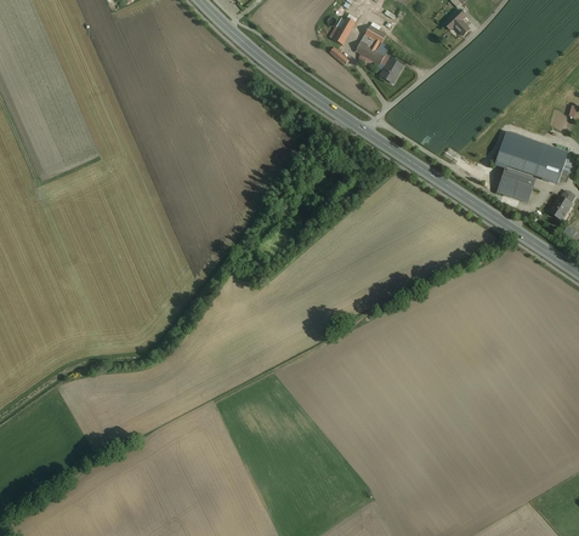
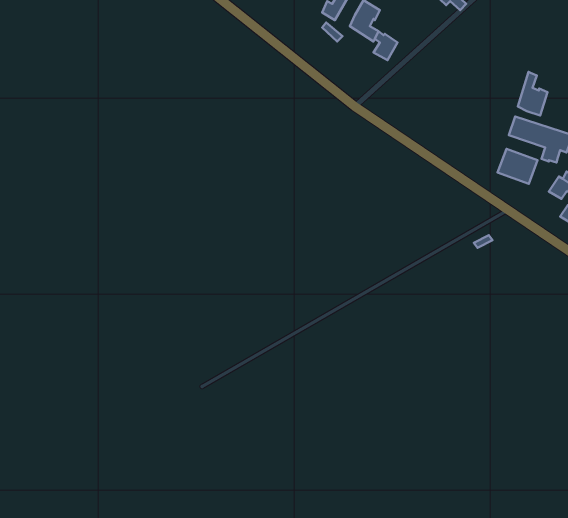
building: none -> [518,72,547,115]

